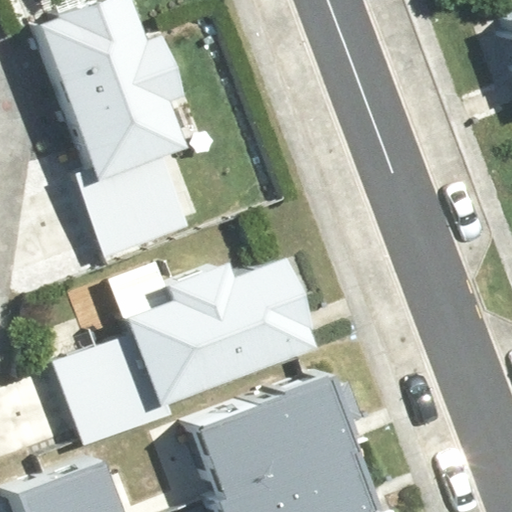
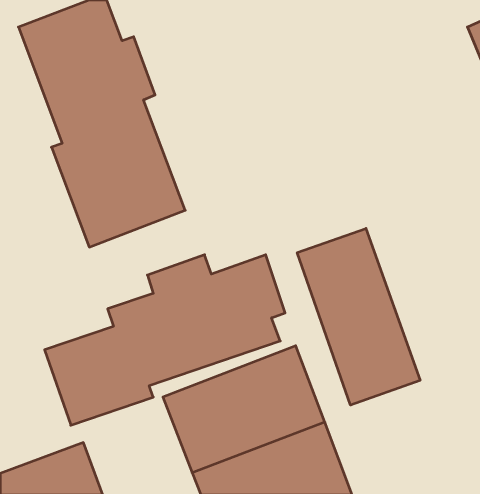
building: none -> [297,228,420,405]

